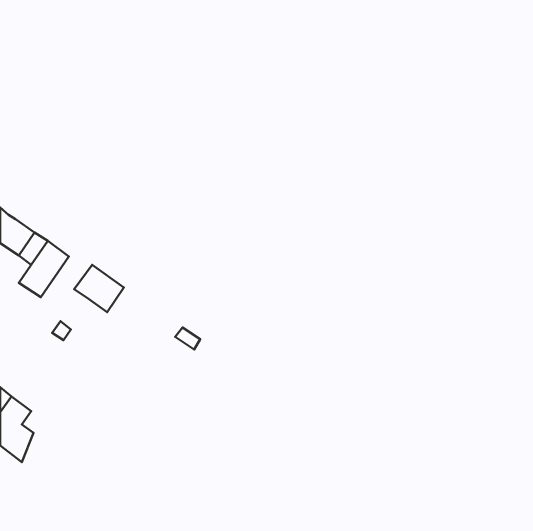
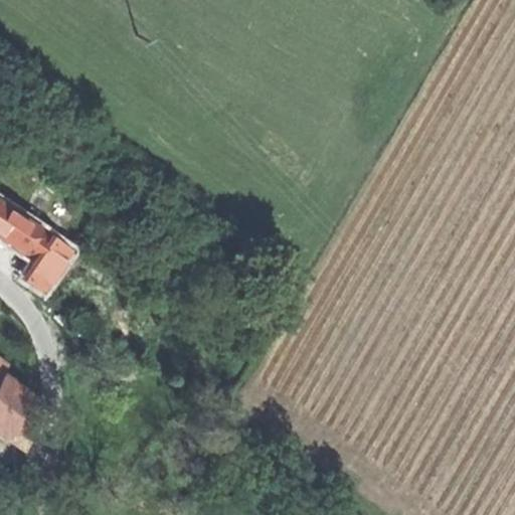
building: [74,265,124,312] -> none

